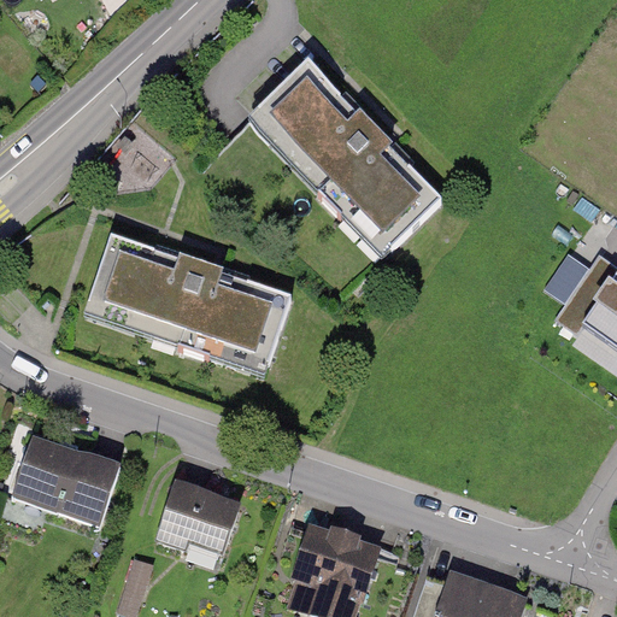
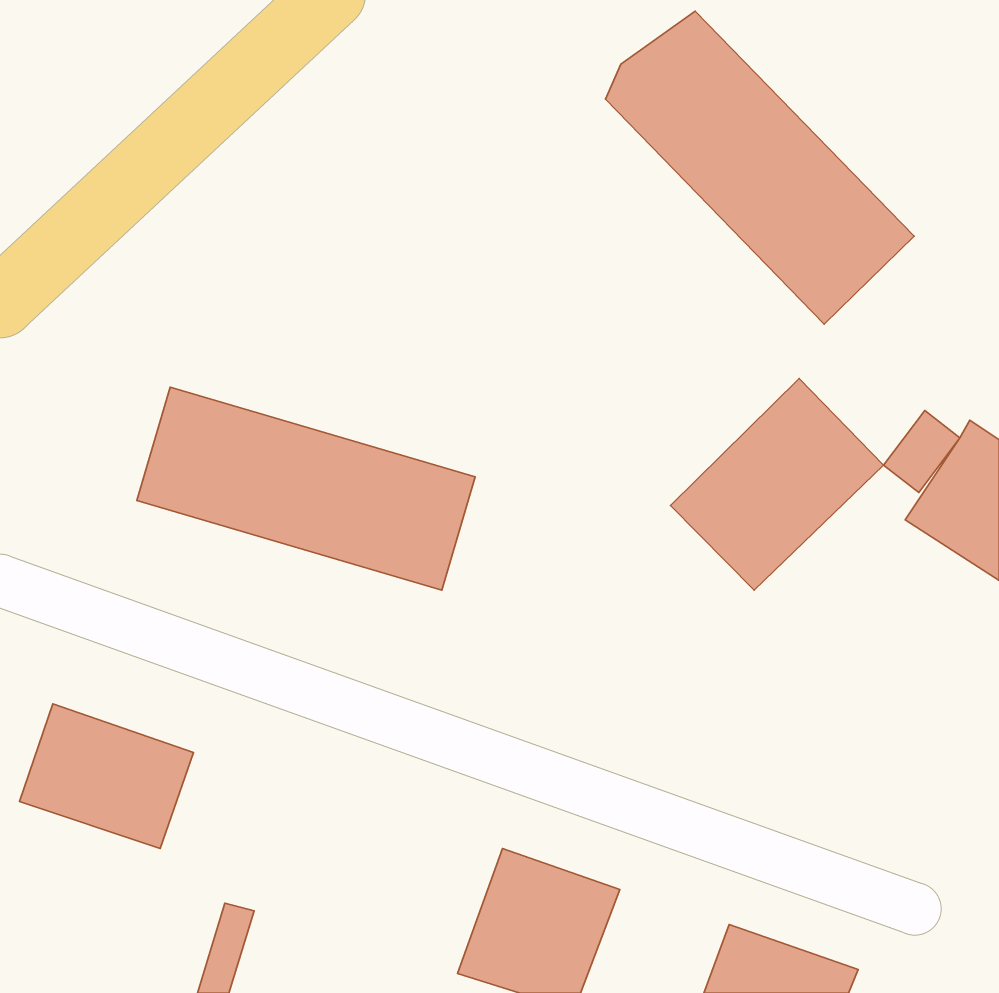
building: [248,63,439,255] -> [605,11,914,324]
building: none -> [671,379,884,590]
building: [158,478,241,550] -> none

